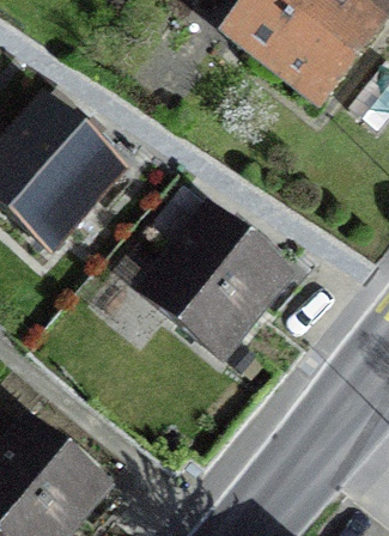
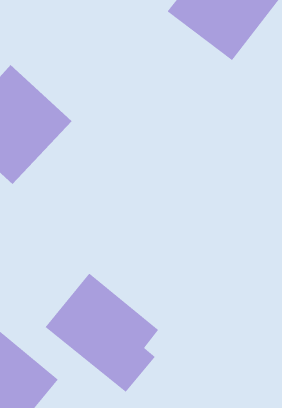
building: [158,212,294,359] -> none
building: none -> [44,273,159,393]

